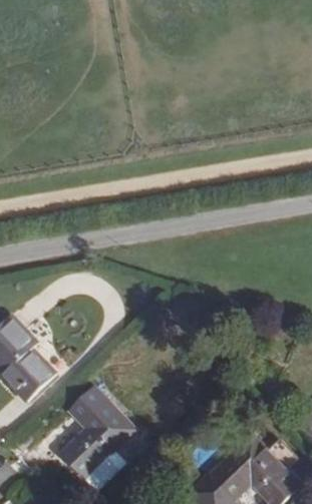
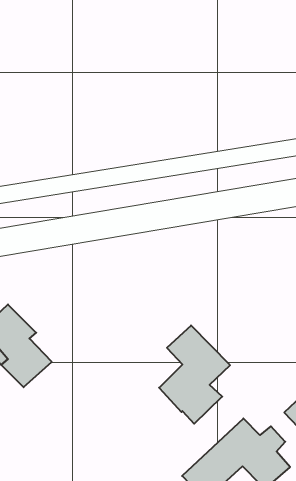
building: [62,389,135,490] -> [159,325,230,424]

